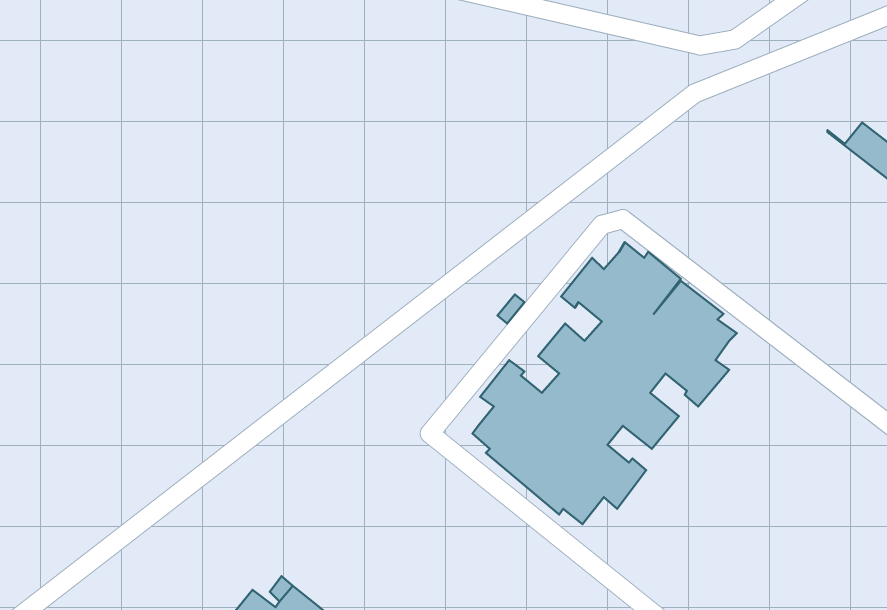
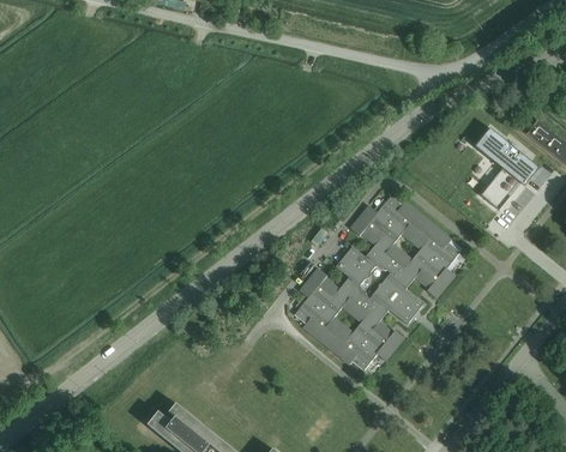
building: none -> [475,127,540,210]

